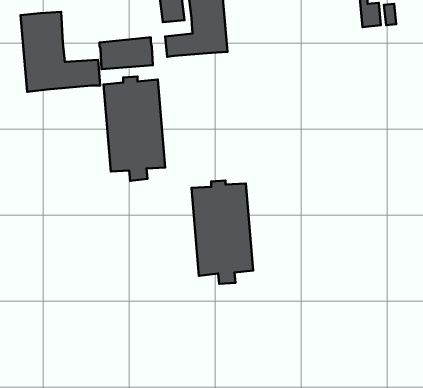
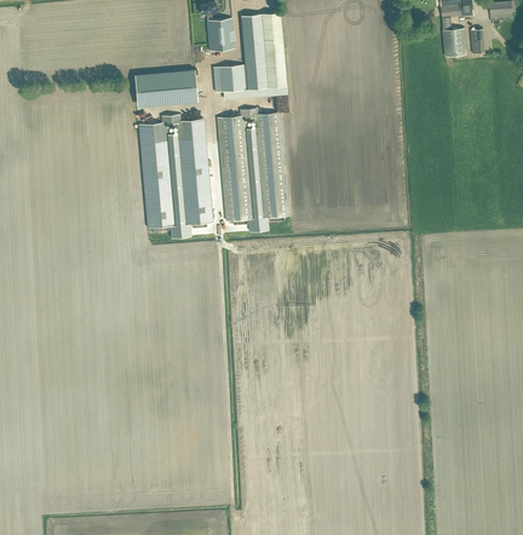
building: [20,12,100,92] -> none
building: [192,181,253,284] -> [215,109,288,231]

